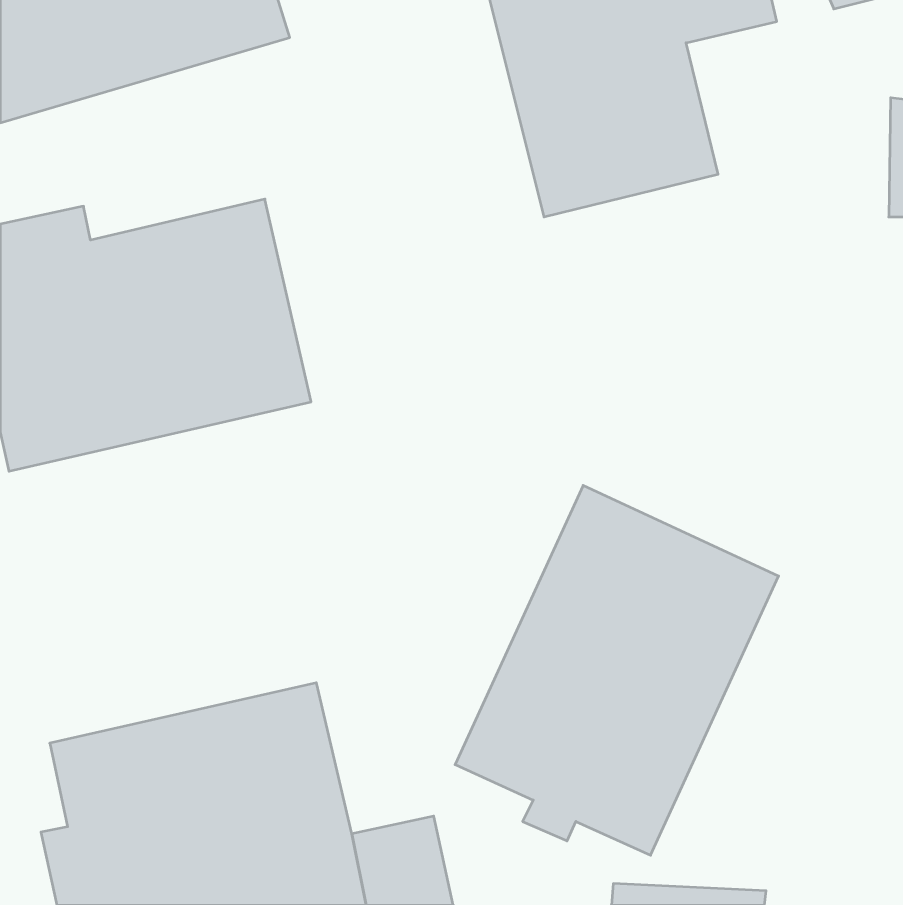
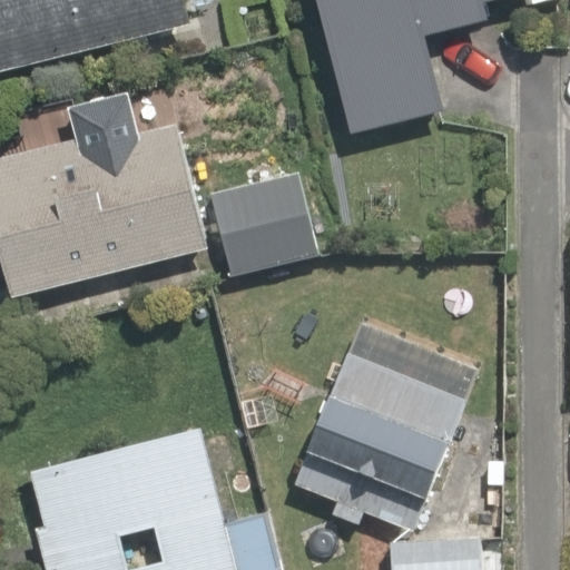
building: none -> [206,174,318,282]

